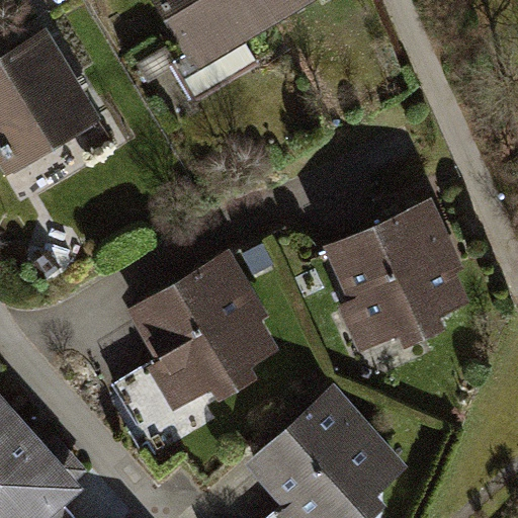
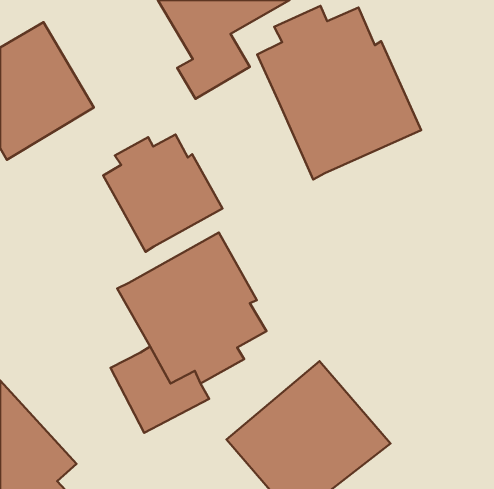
building: none -> [257,6,421,179]
building: none -> [103,134,223,252]
building: [325,196,465,351] -> none

